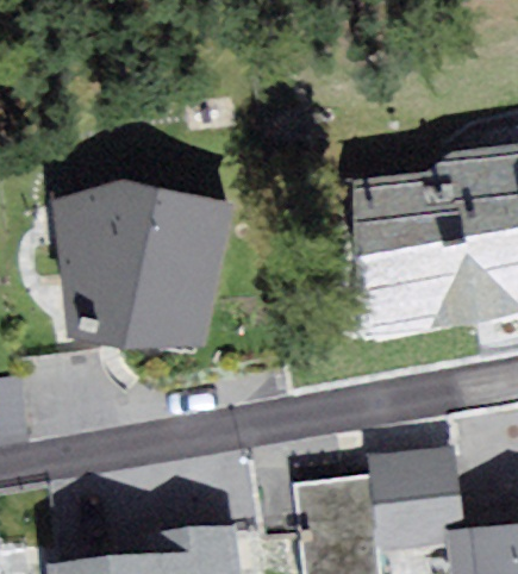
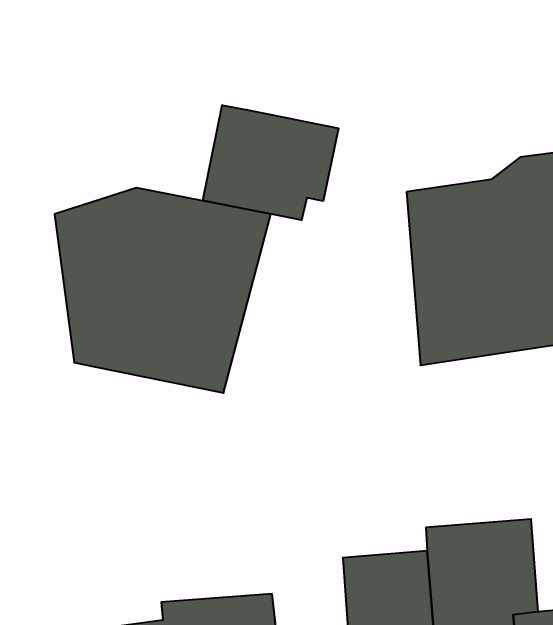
building: none -> [203,105,338,220]

